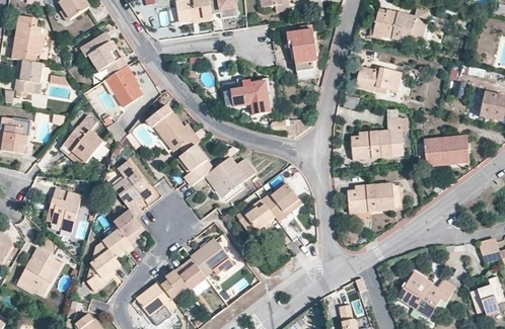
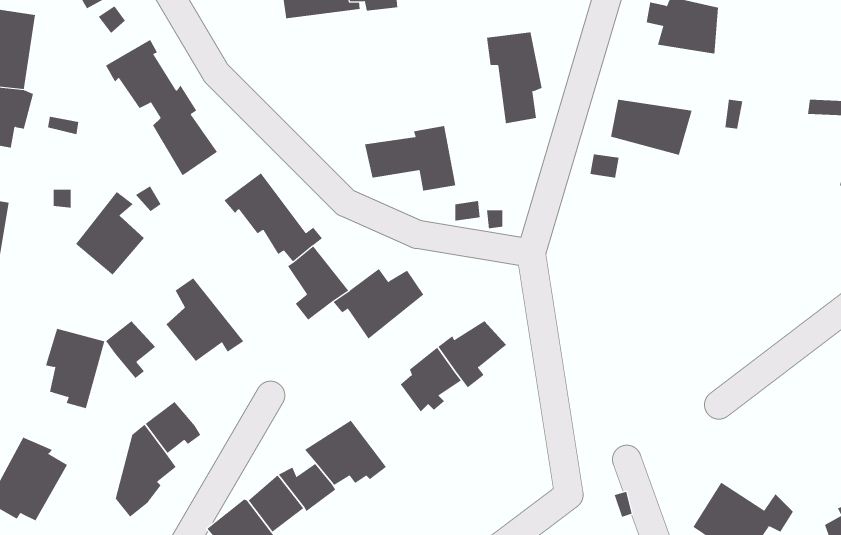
building: [350,117,401,159] -> none
building: [428,139,464,165] -> none
building: [349,182,390,207] -> none
building: [114,211,141,242] -> [105,321,156,379]

